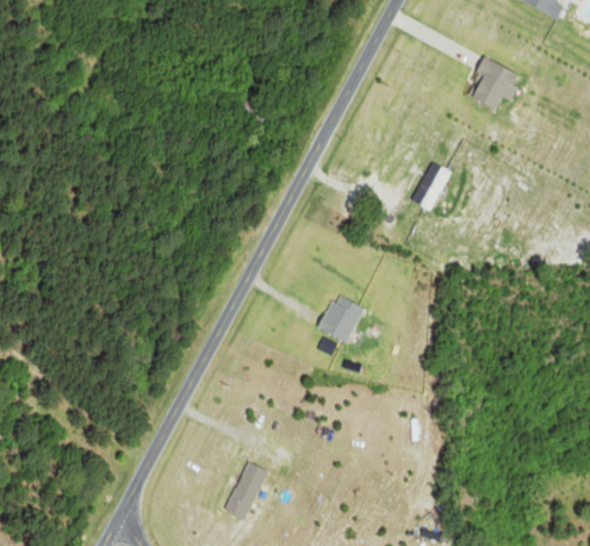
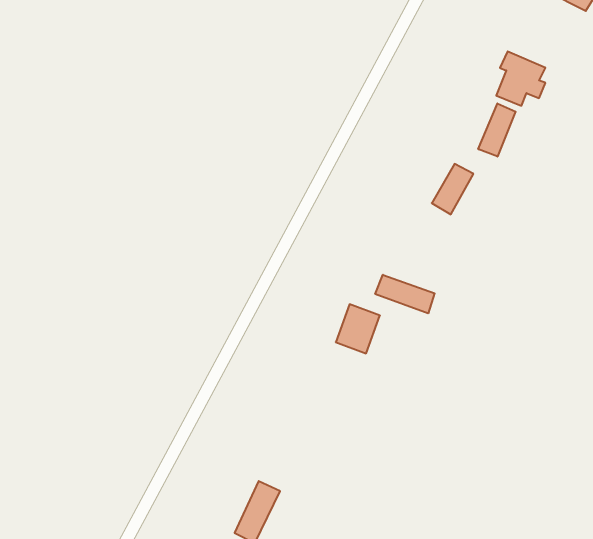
building: none -> [478,103,516,157]
building: none -> [375,275,435,313]

